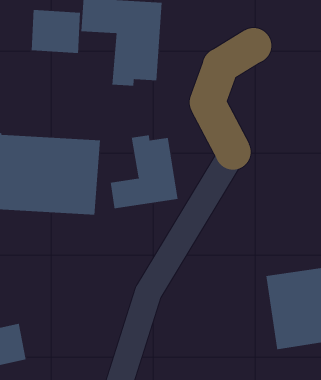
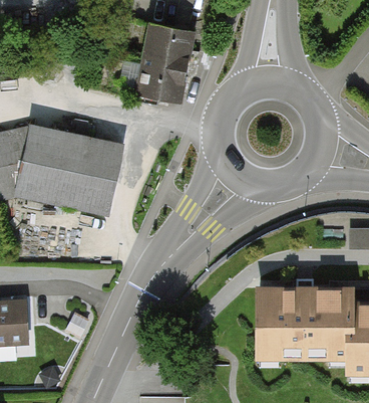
building: [31,9,80,54] -> none
building: [110,134,178,209] -> none

